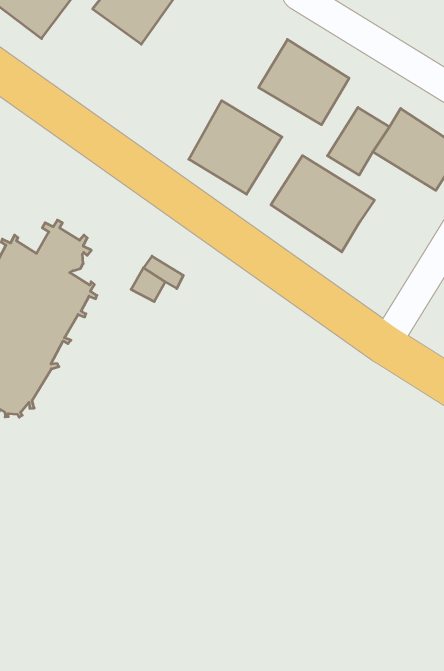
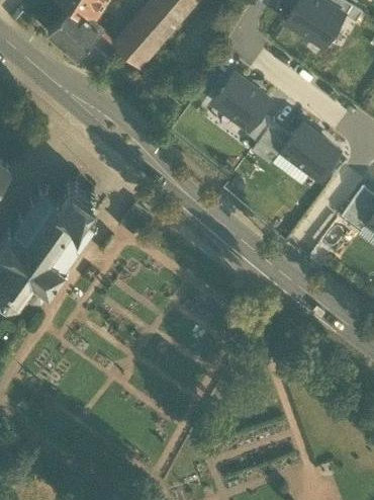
building: [189,101,282,194] -> none
building: [271,156,374,252] -> none

